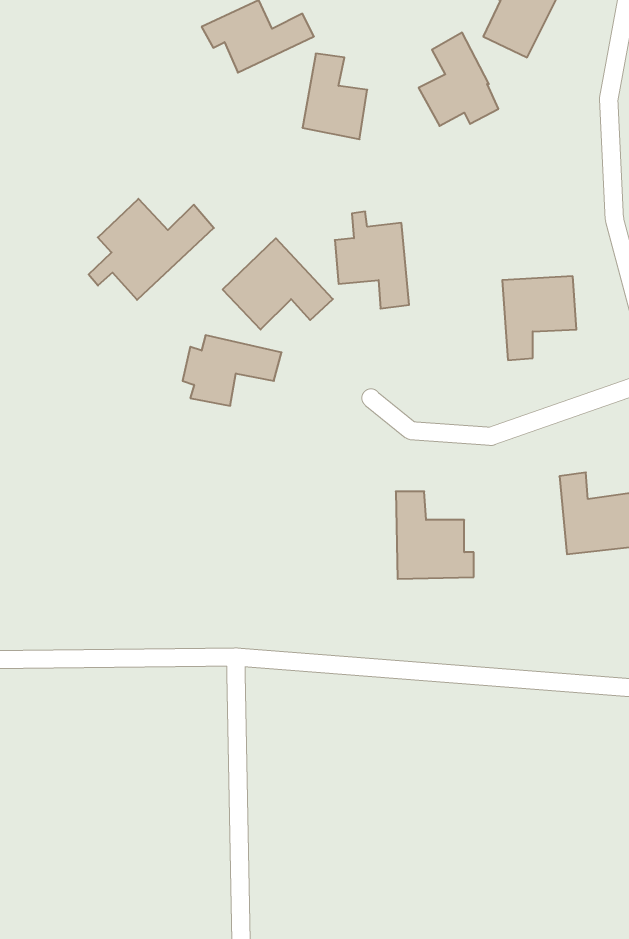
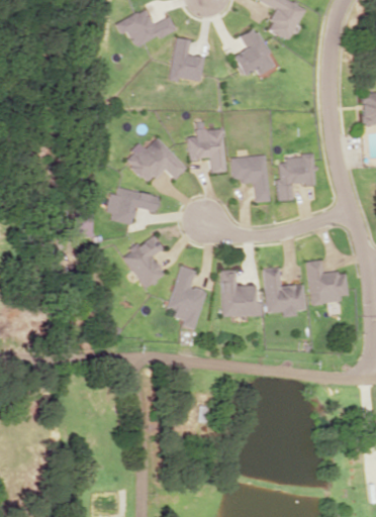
building: [89,199,214,300] -> none
building: none -> [231,153,270,202]
building: none -> [123,234,165,288]
building: none -> [167,265,206,329]
building: none -> [263,268,304,317]

